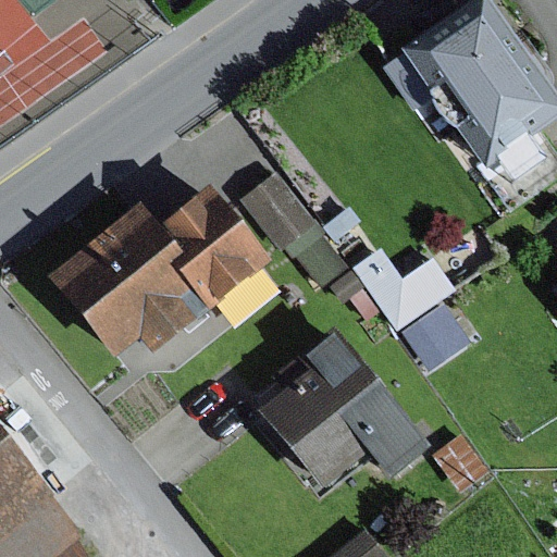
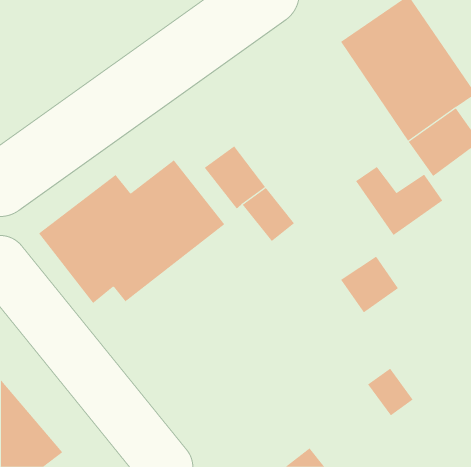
building: [354,247,457,329] -> [355,166,443,236]
building: [263,331,429,491] -> none

